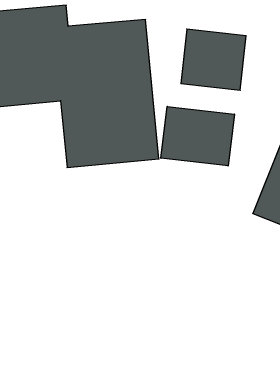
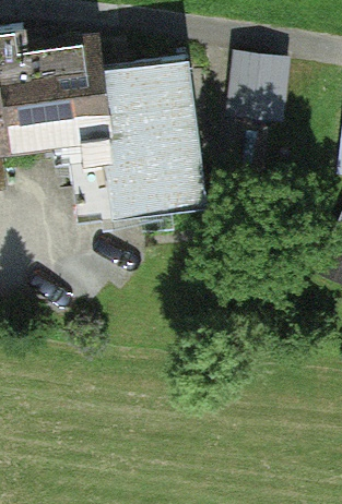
building: [161,106,234,166] -> none

